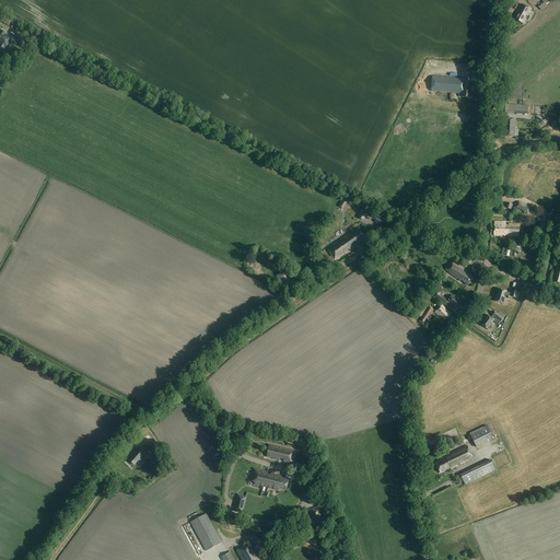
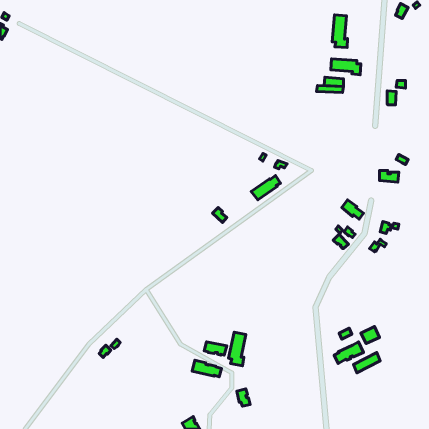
building: none -> [332,15,348,48]
building: none -> [228,332,246,366]
building: [191,514,222,551] -> none

